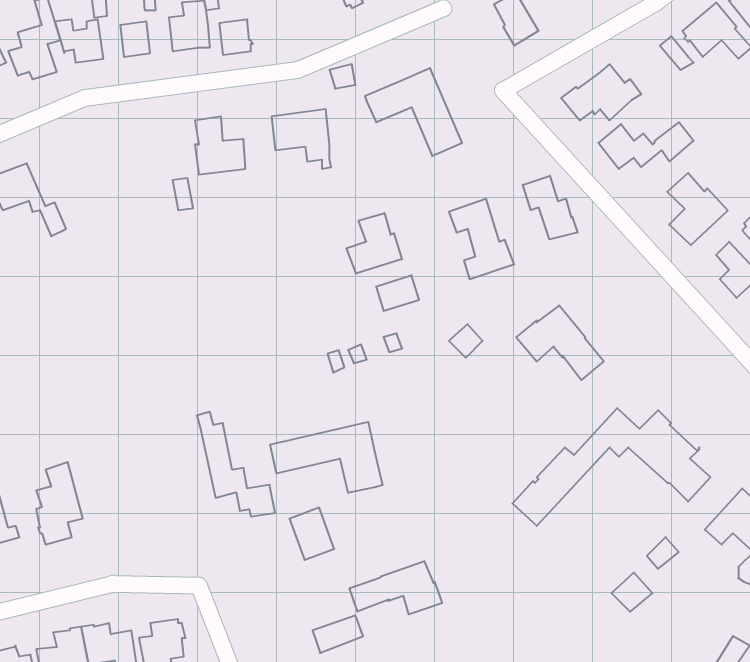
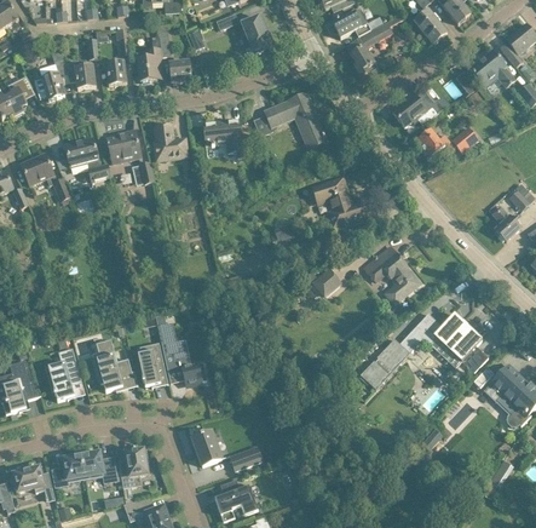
building: none -> [106,130,140,163]
building: none -> [64,138,110,183]
building: [667,173,728,245] -> none
building: [523,176,578,239] -> none
building: [346,213,402,274] -> none
building: [270,422,383,493] -> none
building: none -> [96,339,132,391]
building: none -> [137,343,165,386]
building: [289,508,334,560] -> [191,431,220,465]
building: [350,561,442,614] -> none

